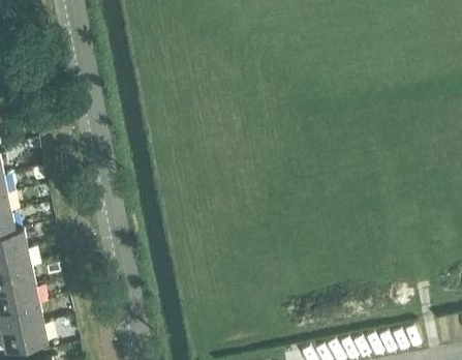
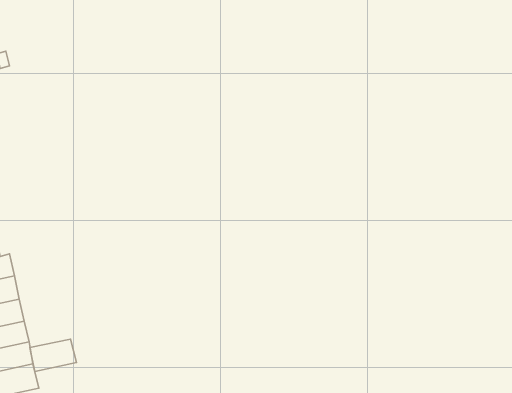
building: none -> [30,339,76,371]

